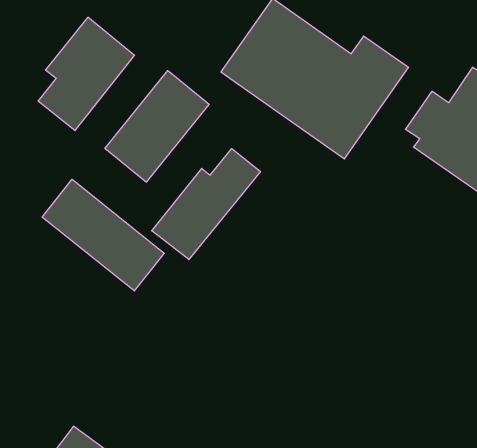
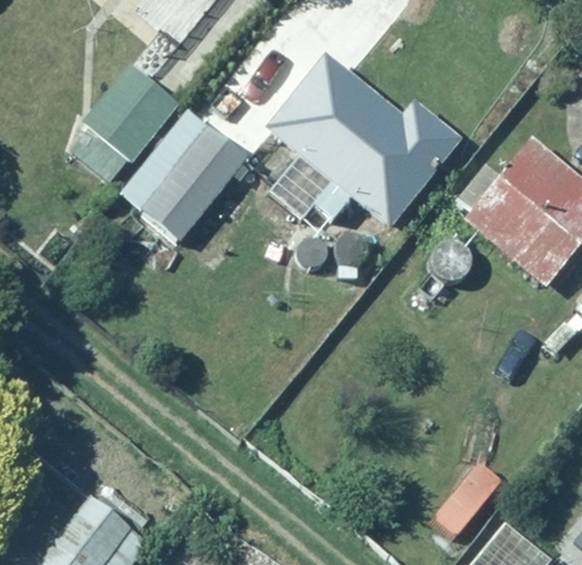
building: [152,149,260,260] -> none
building: [42,179,164,291] -> none

